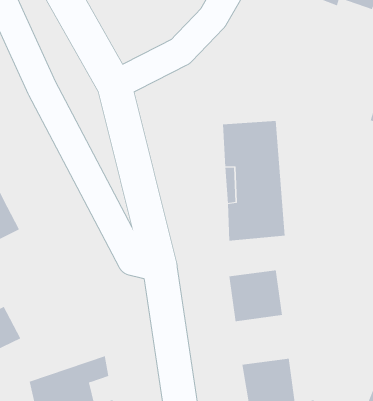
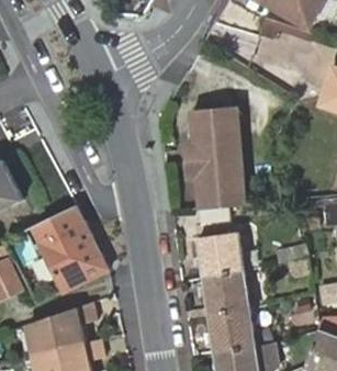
building: none -> [24,203,108,291]
building: none -> [202,270,248,312]

